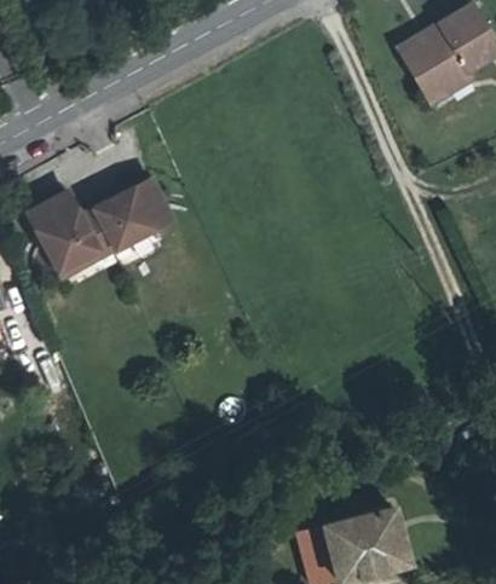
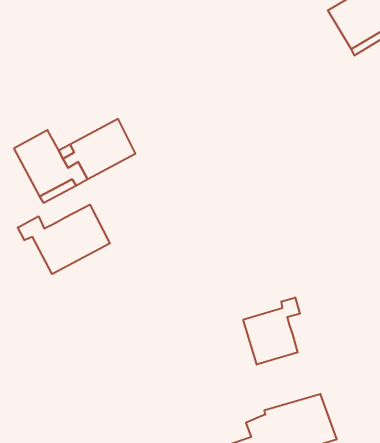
building: none -> [18,205,110,274]
building: none -> [243,297,300,365]

